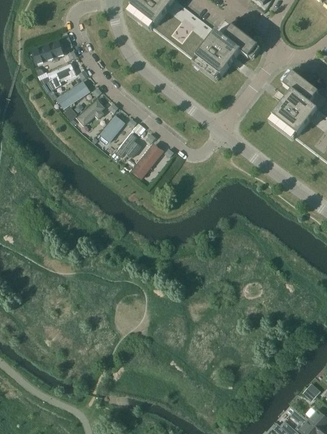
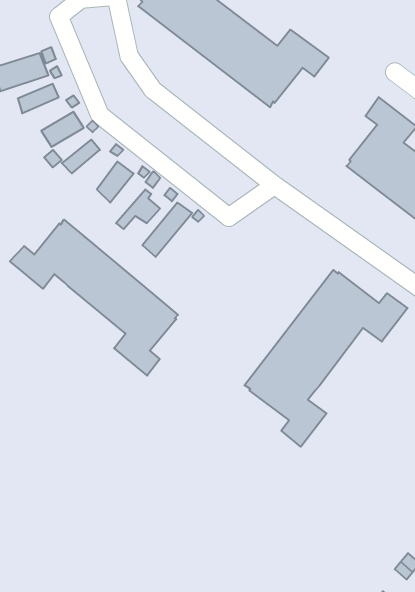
building: none -> [10,220,178,376]
building: none -> [244,270,408,447]

